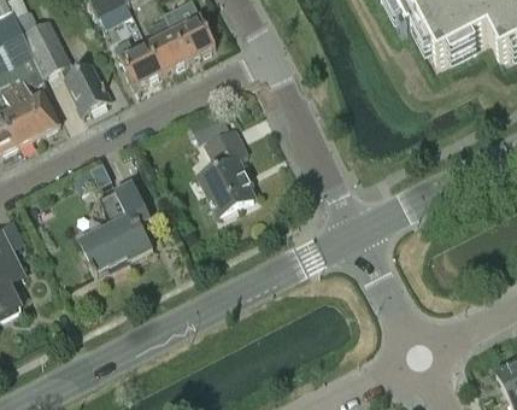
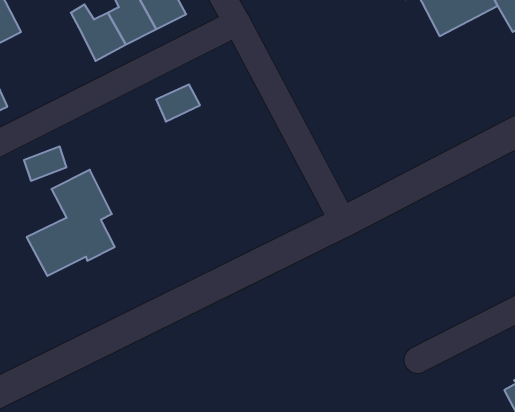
building: [59,60,108,110] -> none
building: [199,125,253,212] -> none

